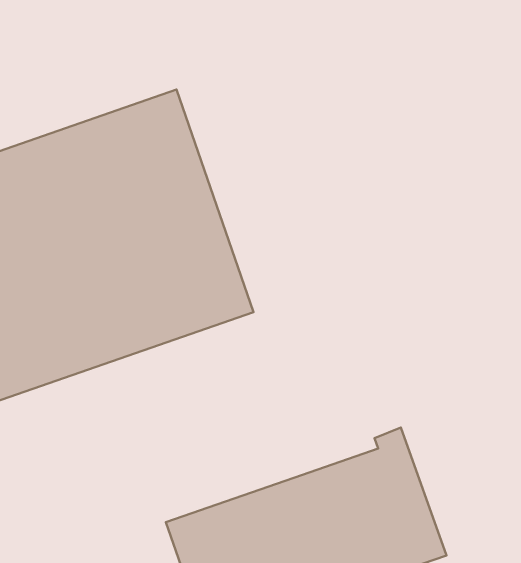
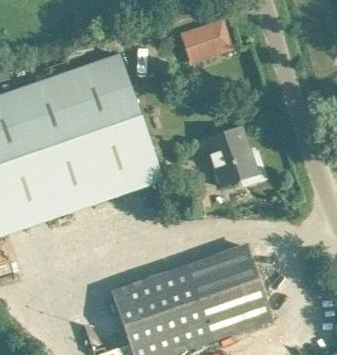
building: none -> [181,20,231,59]
building: none -> [200,126,267,185]

